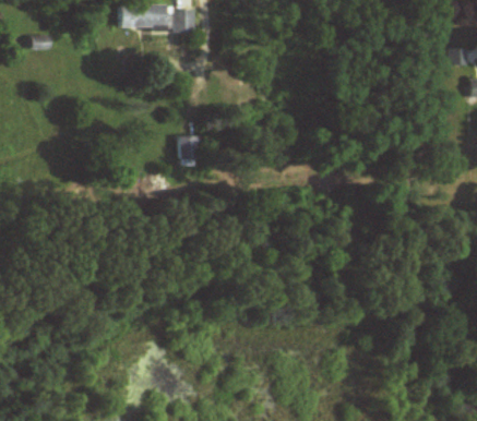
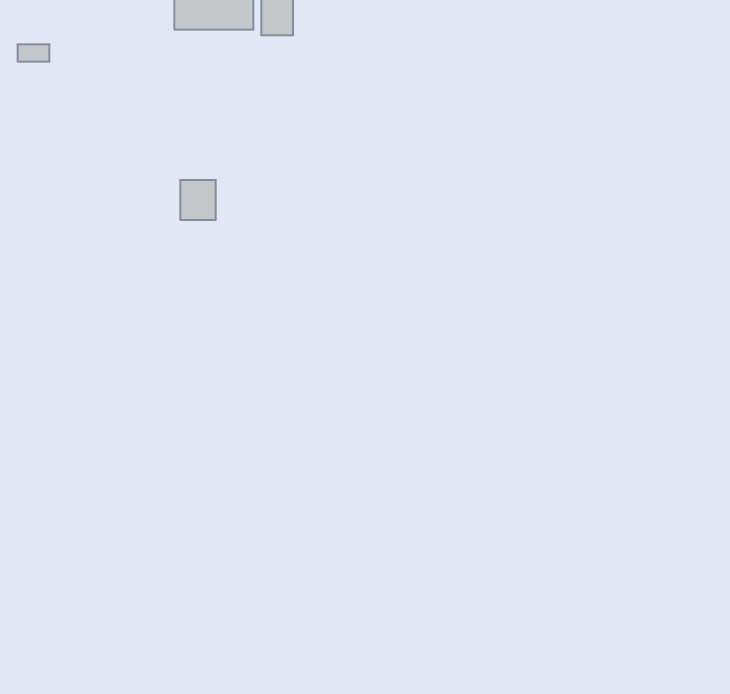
building: [178,136,199,159] -> [180,180,216,220]

